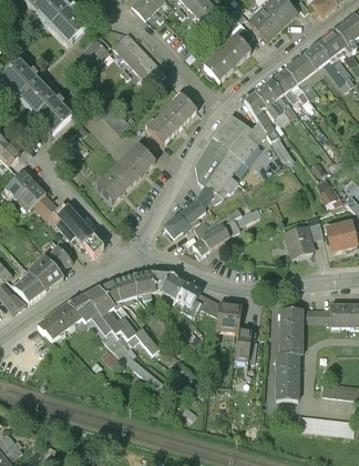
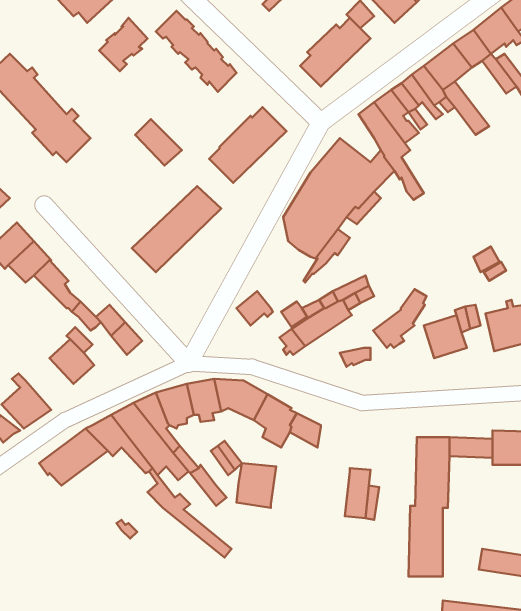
building: [177,188,212,225] -> [373,289,426,348]
building: [28,257,62,291] -> none
building: [215,302,240,331] -> [237,463,276,508]

